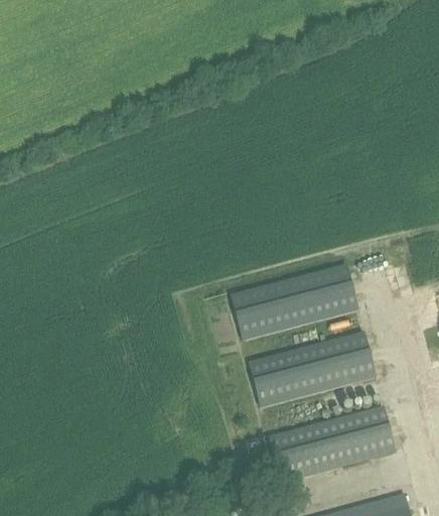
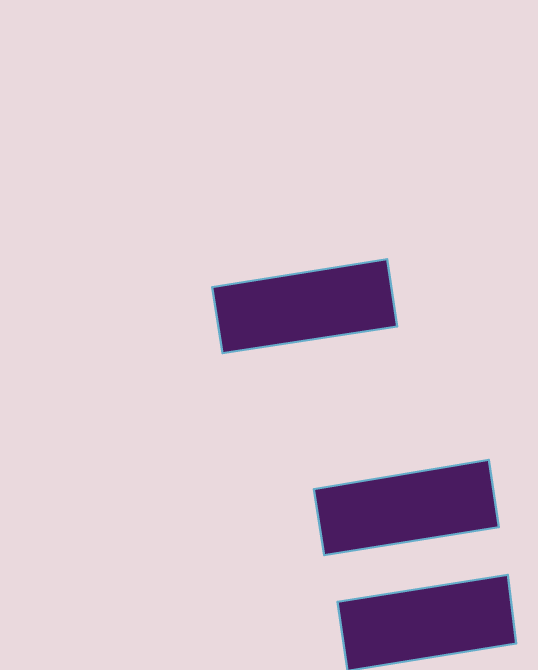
building: [231,263,356,337] -> [212,259,397,353]

